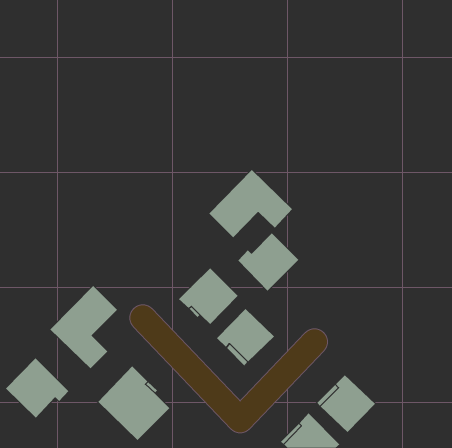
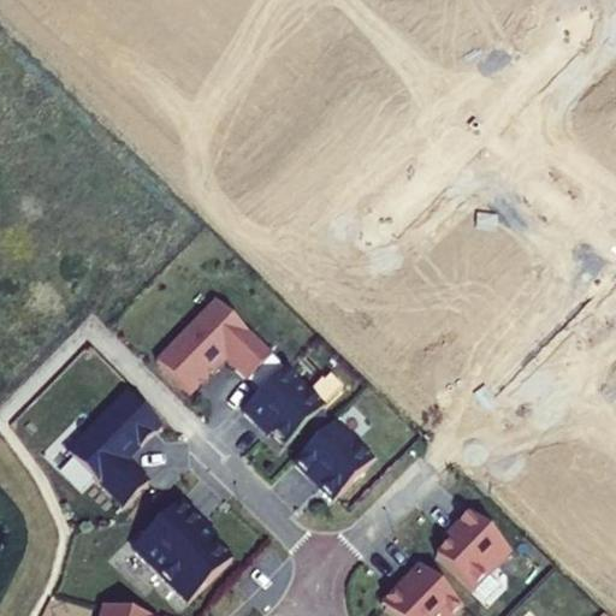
building: [209,169,293,238] -> [156,296,271,390]
building: [237,232,299,291] -> none
building: [5,357,69,418] -> none

